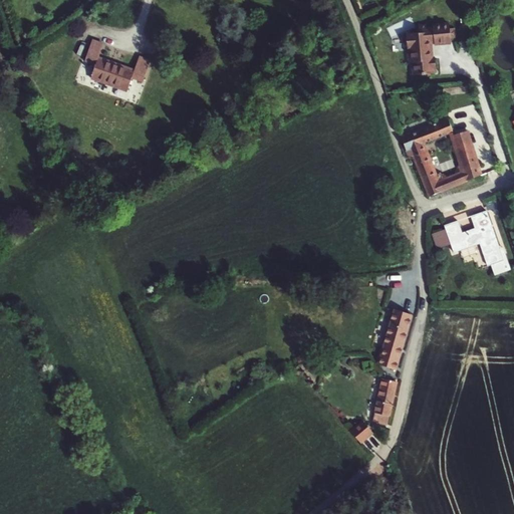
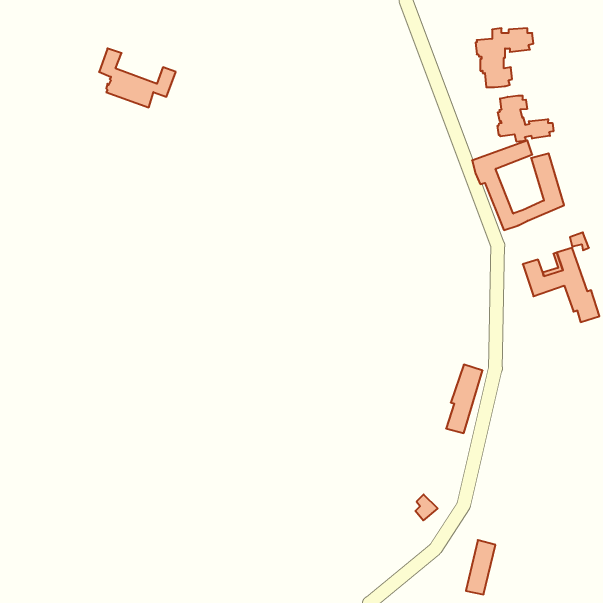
building: none -> [498,96,553,142]
building: [372,378,398,425] -> [466,540,495,594]

